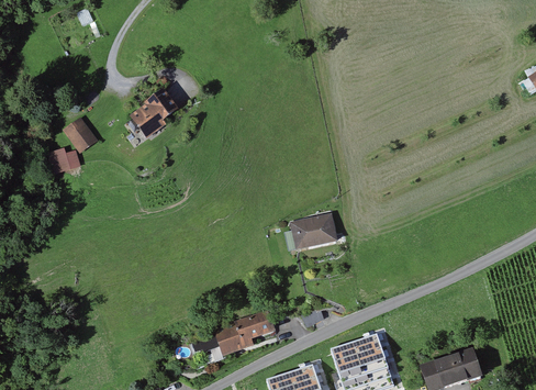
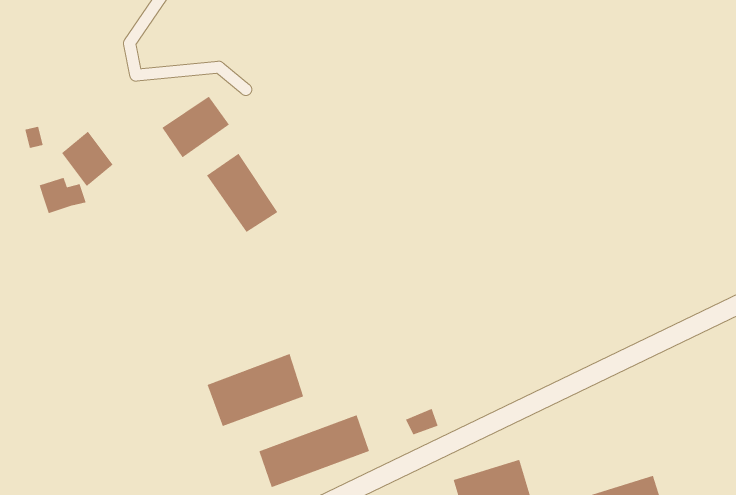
building: none -> [206,153,278,233]
building: [290,212,335,246] -> none
building: none -> [207,353,304,427]

